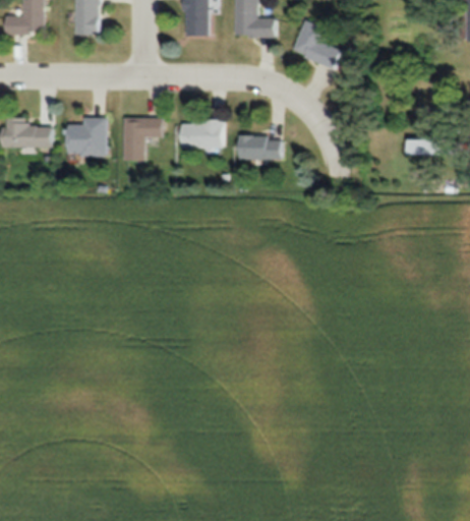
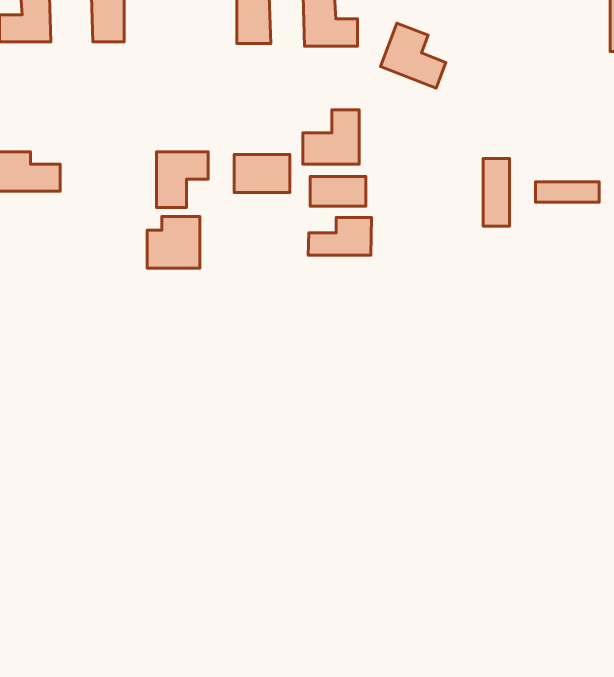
building: none -> [303,110,359,164]
building: [67,116,107,155] -> [147,216,200,268]
building: none -> [483,158,509,226]
building: none -> [308,217,372,255]

